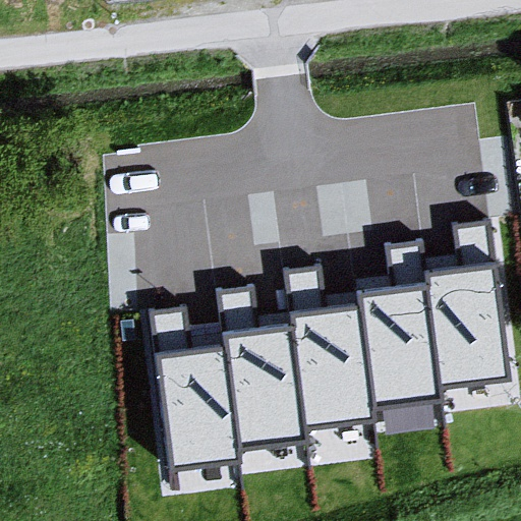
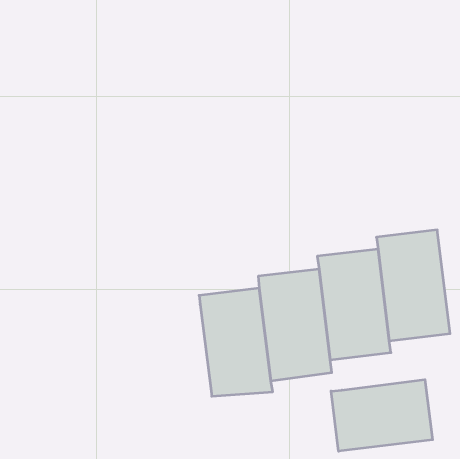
building: [156,341,238,465] -> none
building: none -> [331,380,433,451]

